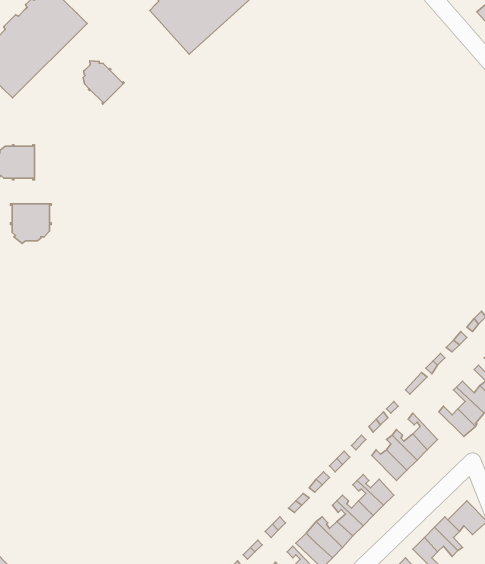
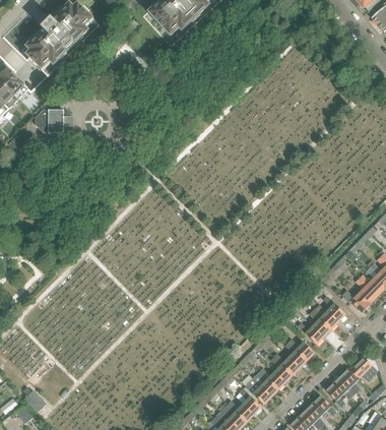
building: [83,61,124,104] -> none
building: [10,204,51,244] -> none

